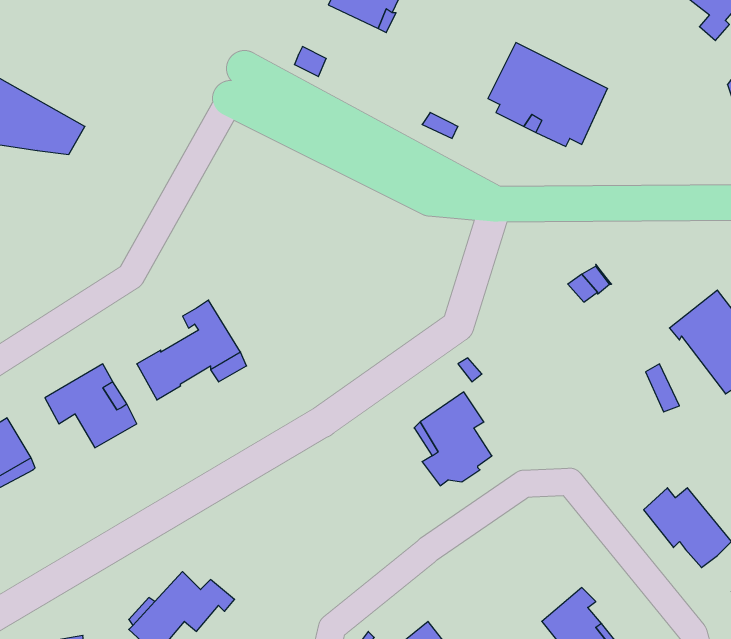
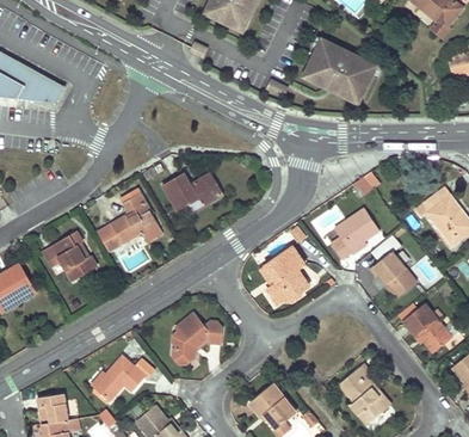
building: none -> [163,172,224,211]
building: none -> [329,209,379,260]
building: none -> [369,236,416,300]
building: none -> [171,312,222,362]

